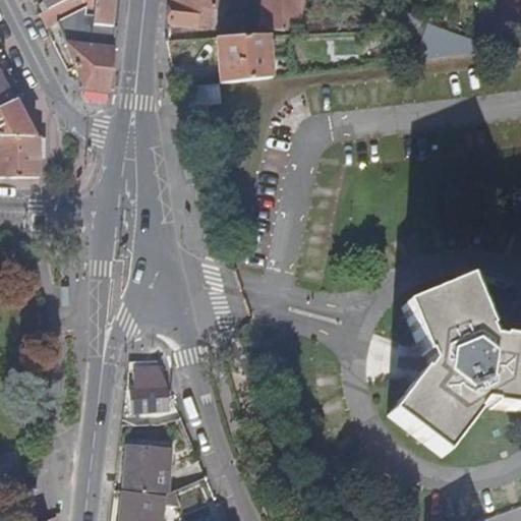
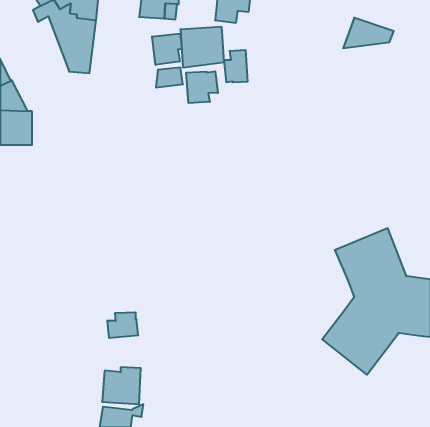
building: none -> [152,34,182,65]
building: none -> [224,50,248,82]
building: none -> [186,71,218,103]

